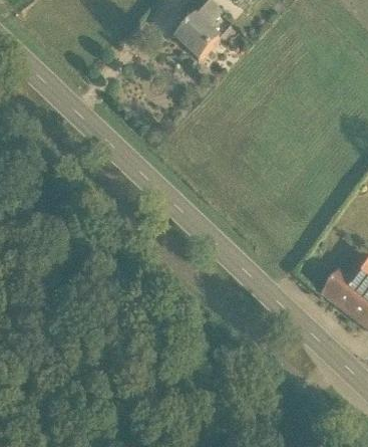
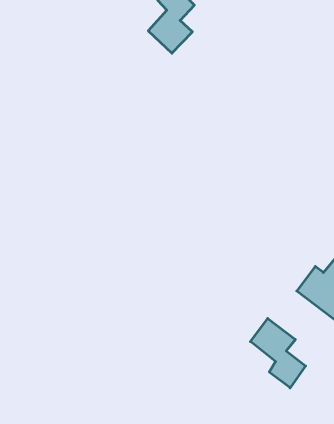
building: none -> [250,318,306,388]

